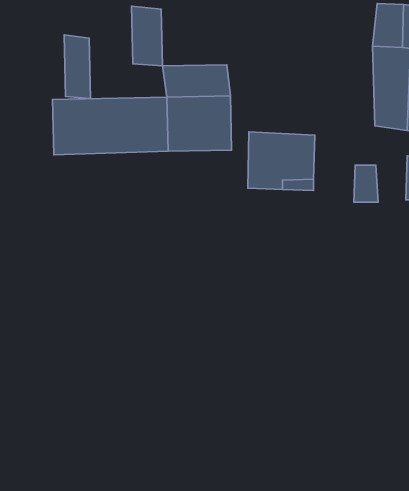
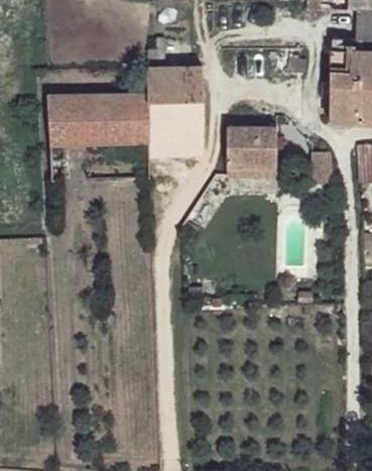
building: [132,6,162,66] -> none
building: [64,35,90,99] -> none

